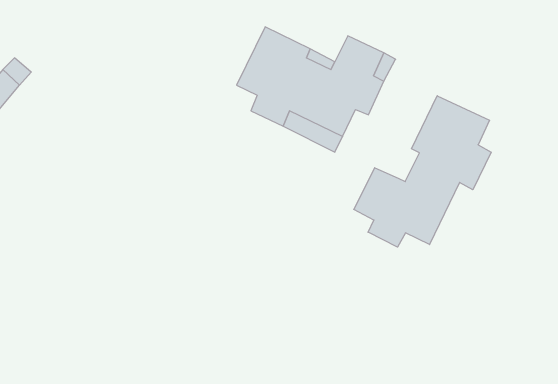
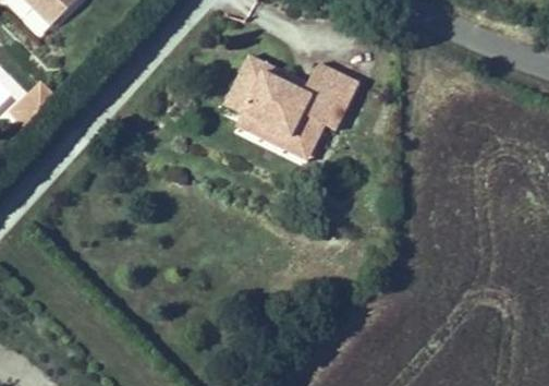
building: [354,96,491,247] -> none

